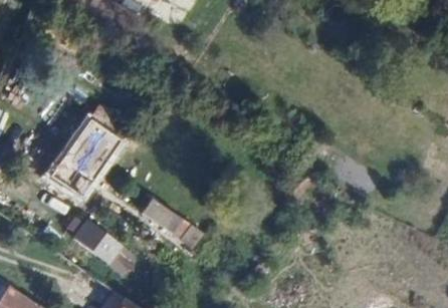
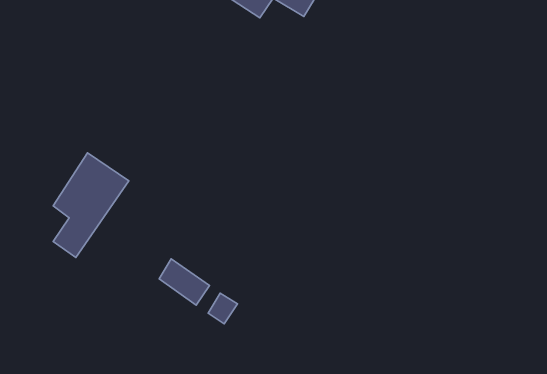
building: [72,220,120,262] -> none

